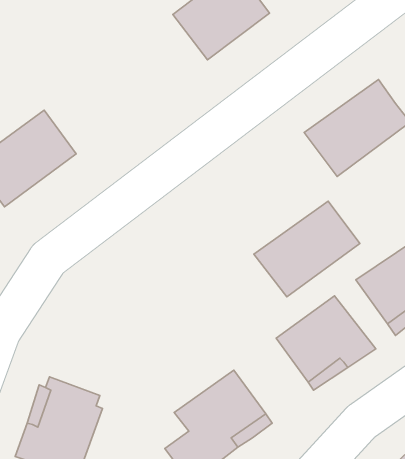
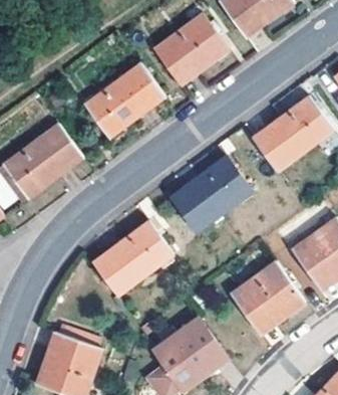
building: none -> [82,62,161,136]
building: [254,201,360,297] -> [172,159,252,231]
building: none -> [93,222,174,295]

